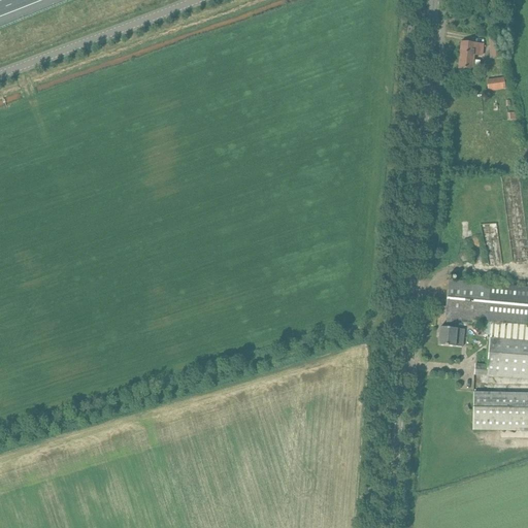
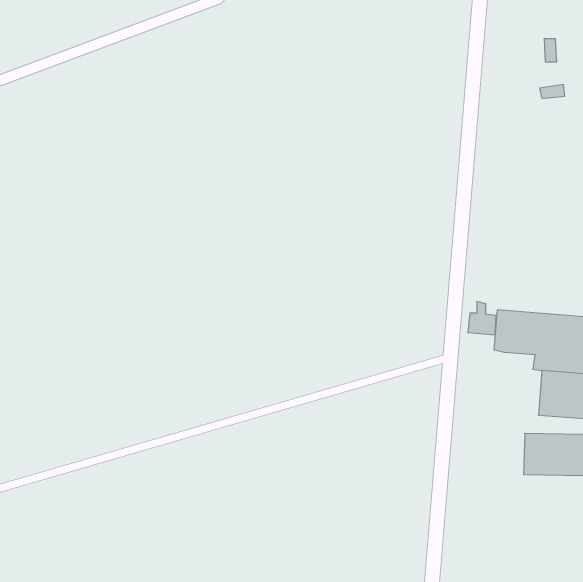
building: [460,41,485,68] -> none
building: [439,316,465,345] -> [468,302,496,335]

